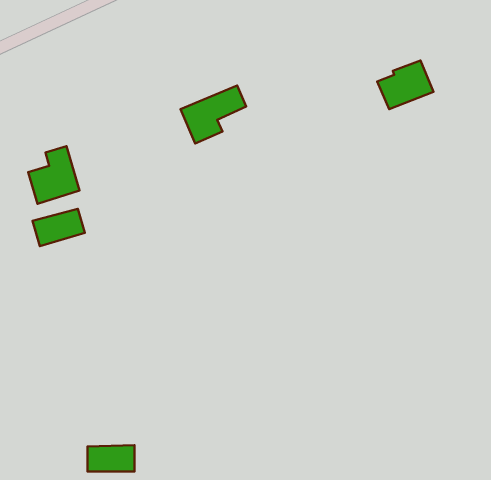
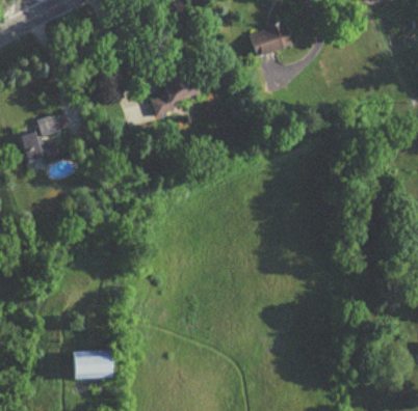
building: [377,60,434,109] -> [249,13,293,52]
building: [33,209,85,246] -> none

